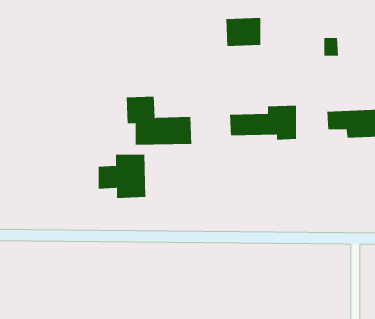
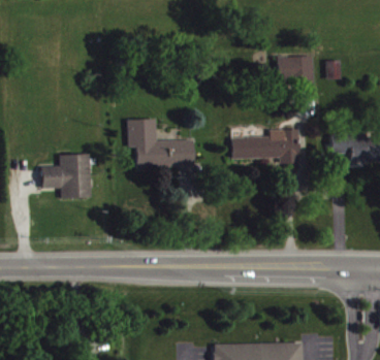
building: [225,18,261,46] -> [278,55,314,84]
building: [98,154,146,198] -> [42,154,91,198]

